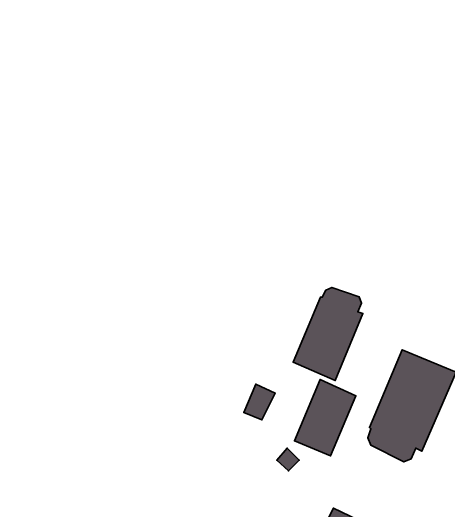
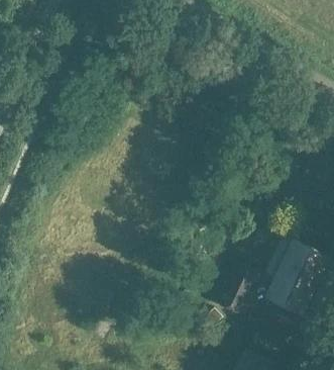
building: [293,287,363,380] -> none

